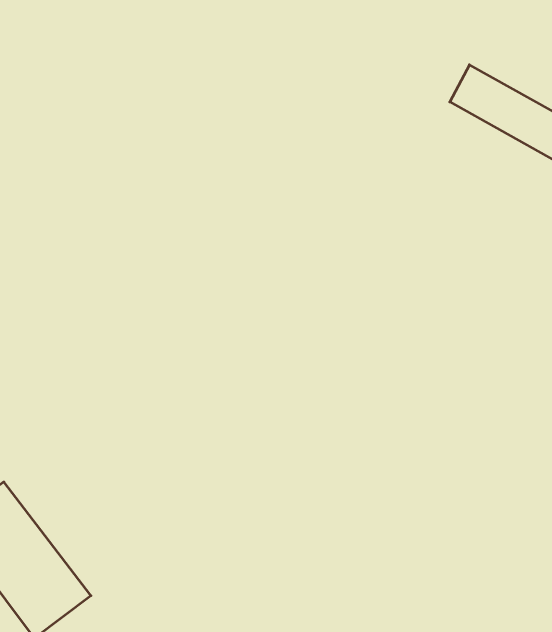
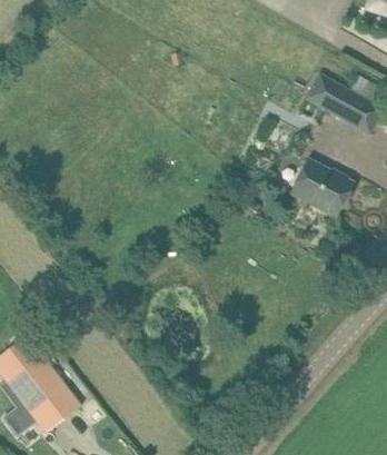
building: none -> [292,162,351,217]

